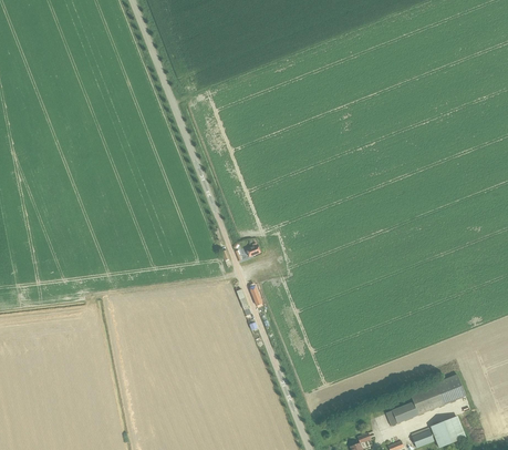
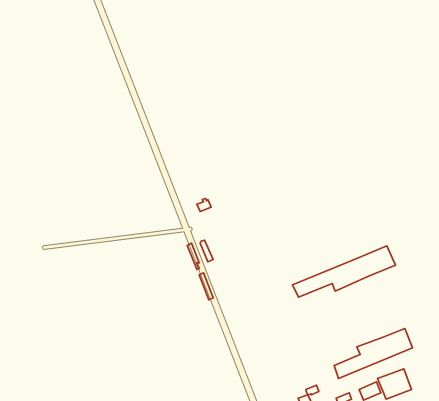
building: none -> [292,246,395,297]

